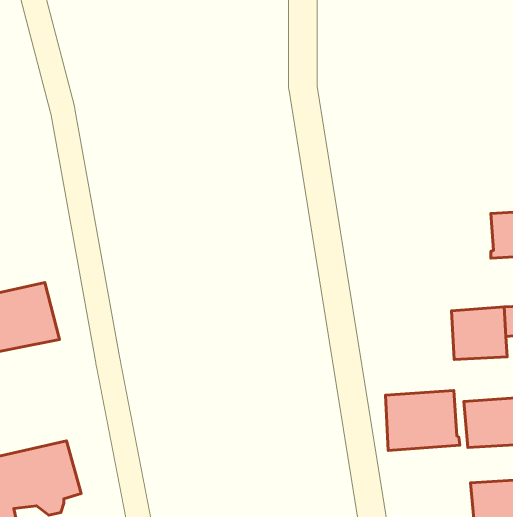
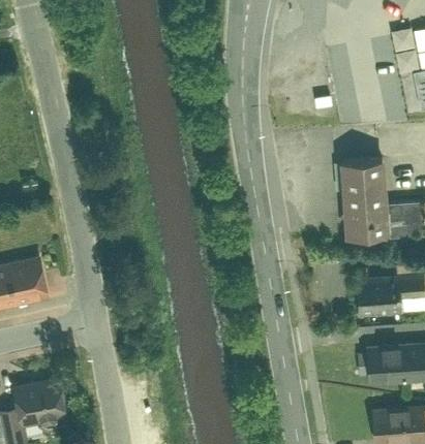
building: none -> [338,161,388,237]
building: [385,391,460,450] -> none

